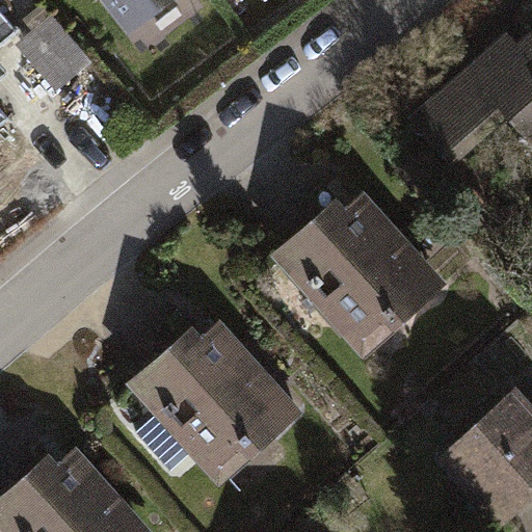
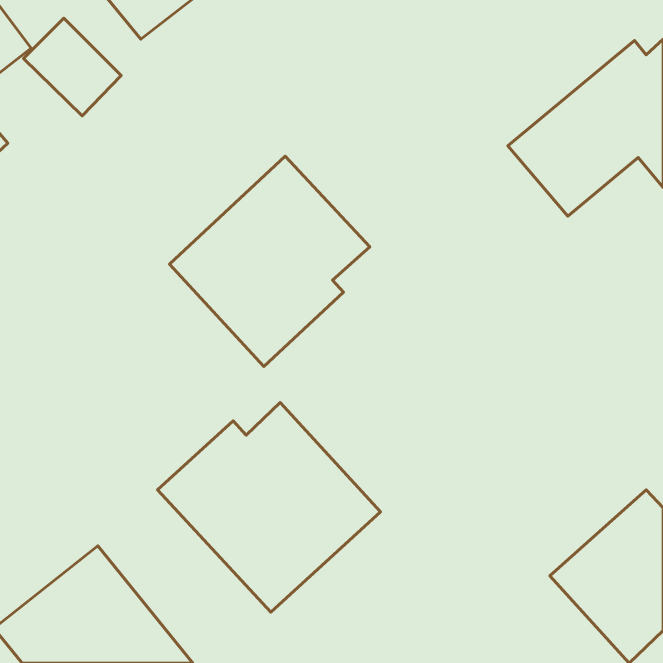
building: none -> [170,156,370,367]
building: [268,195,448,363] -> none

